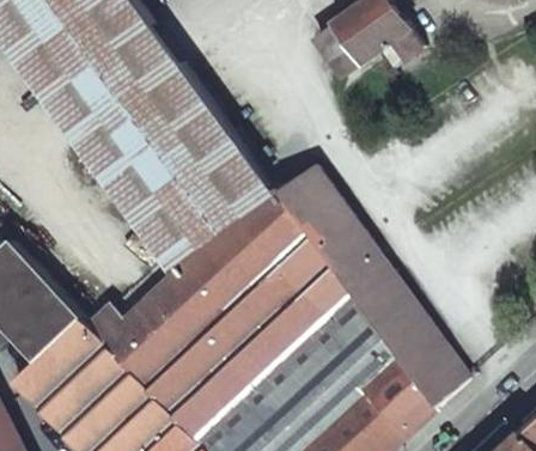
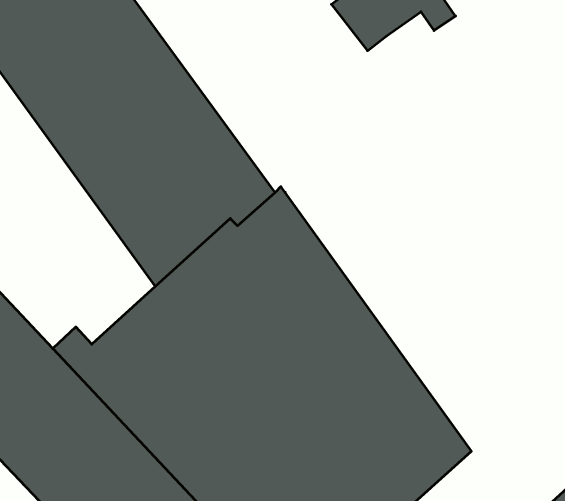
building: [279,169,464,406] -> none

